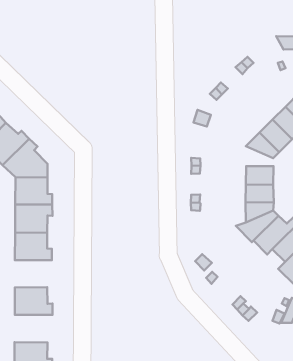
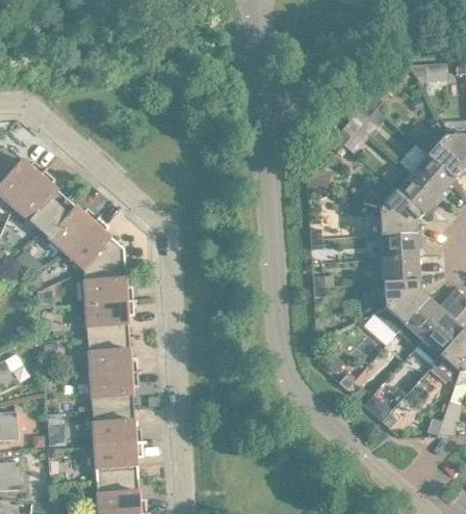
building: none -> [378,209,415,235]
building: none -> [88,372,137,410]
building: none -> [93,442,141,481]

